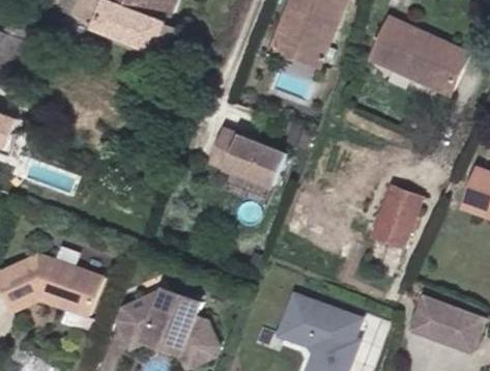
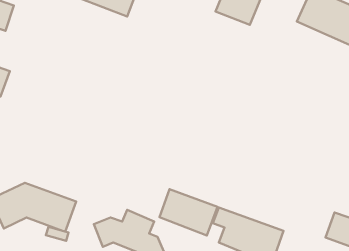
building: [213,133,284,188] -> none
building: [368,184,421,245] -> none
building: none -> [159,189,217,235]

